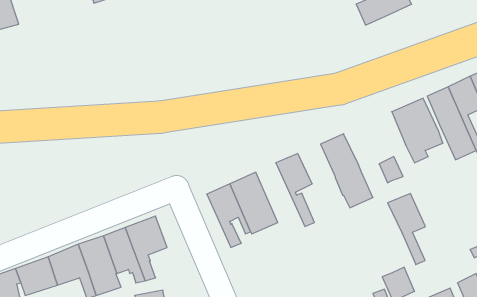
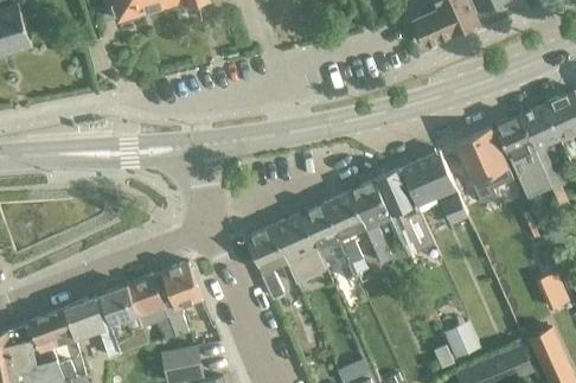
building: none -> [399,152,453,213]
building: none -> [300,203,356,280]
building: [388,194,425,265] -> [347,181,390,262]

